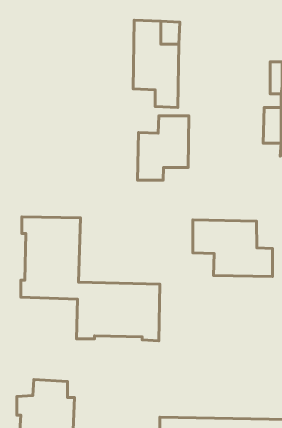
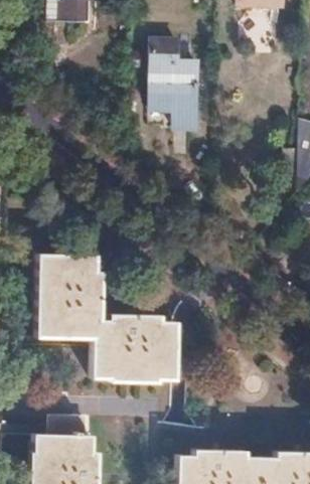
building: [138,116,189,180] -> none
building: [193,220,273,277] -> none

